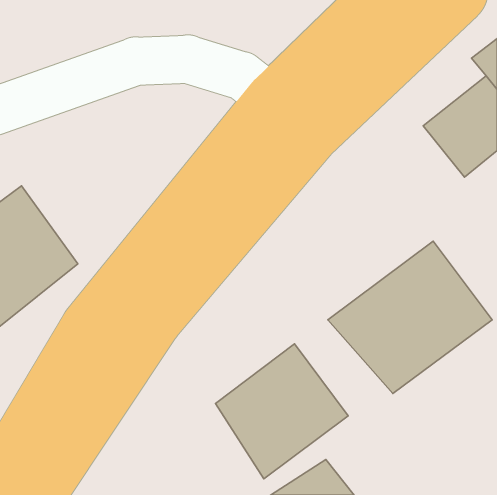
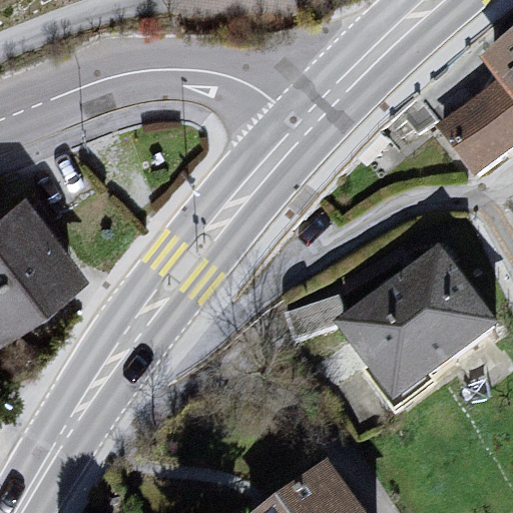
building: [215,344,348,479] -> none

